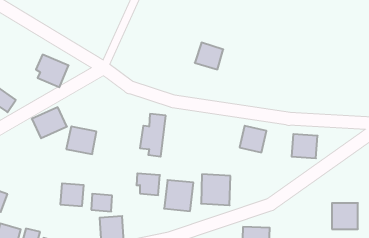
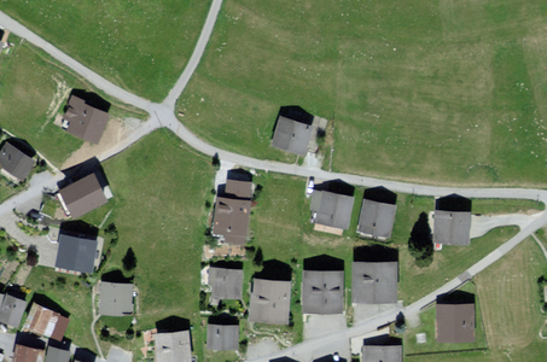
building: [195,43,223,69] -> [267,112,308,151]
building: none -> [310,192,353,229]
building: [66,126,96,154] -> [54,232,98,272]
building: none -> [351,262,396,300]
building: [91,194,112,211] -> [209,325,239,350]
building: none -> [23,302,68,338]
building: [332,203,358,229] -> [433,302,471,339]

